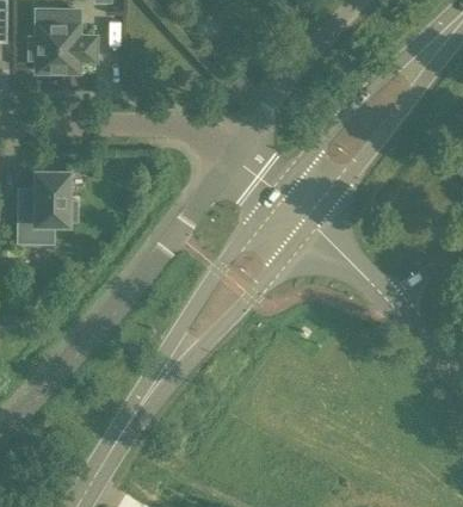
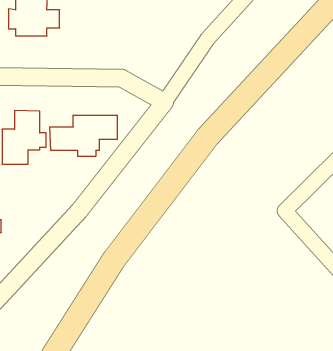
building: none -> [50,115,117,156]

